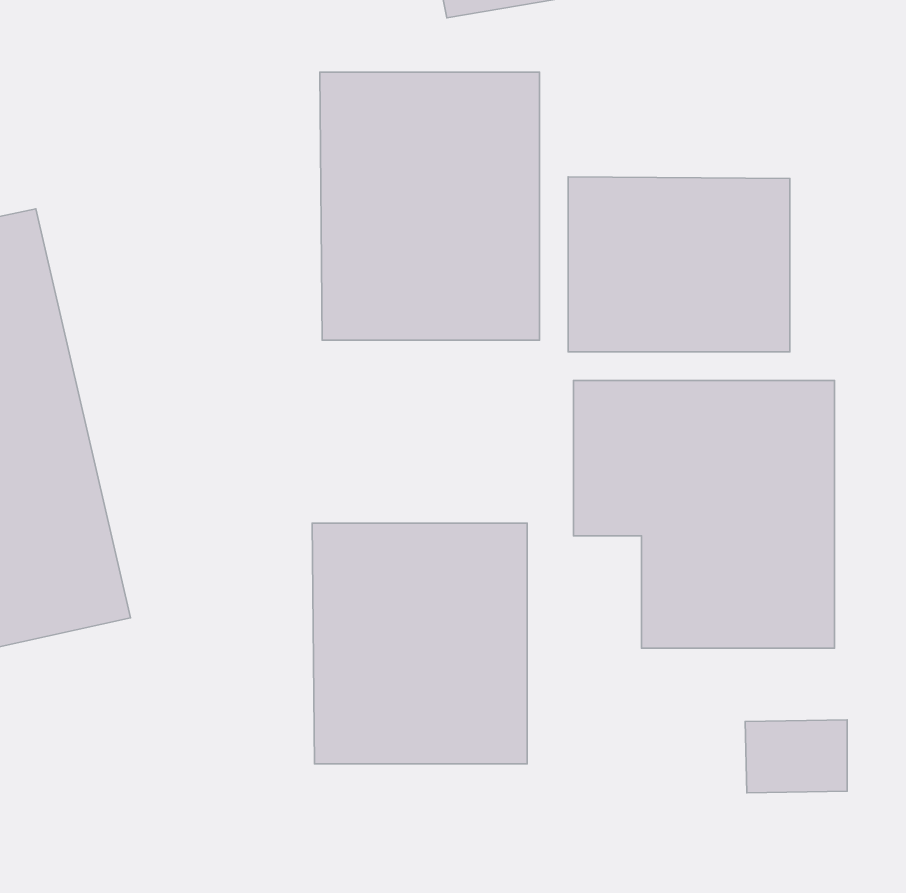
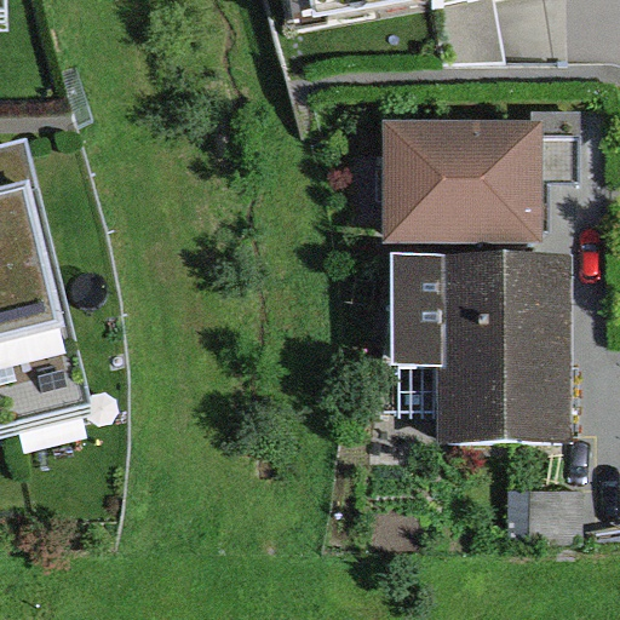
building: [320,72,539,340] -> none
building: [312,523,527,764] -> none

